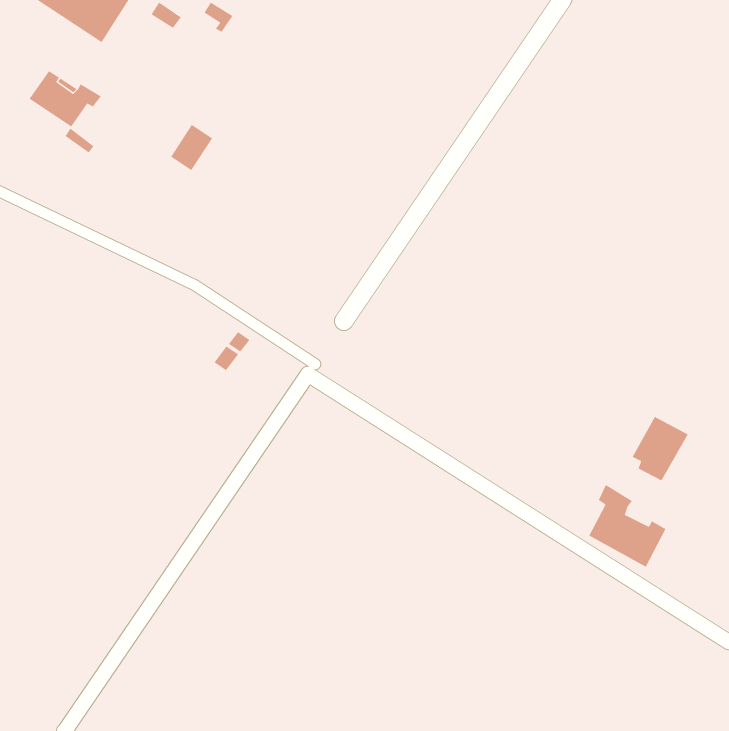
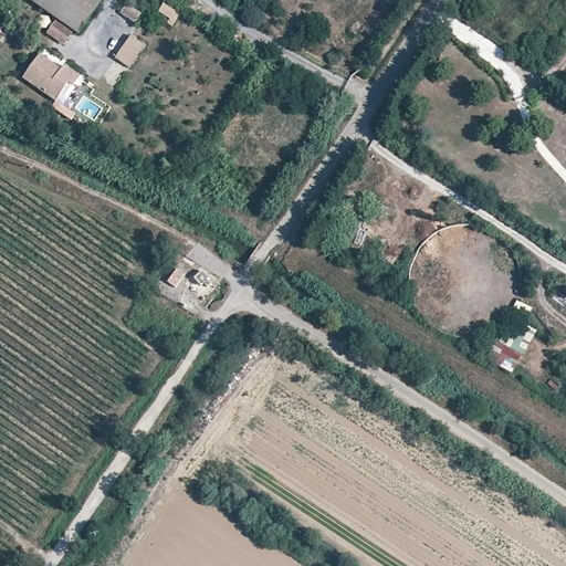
building: [170,124,213,171] -> [113,32,146,69]
building: [588,484,666,568] -> none

